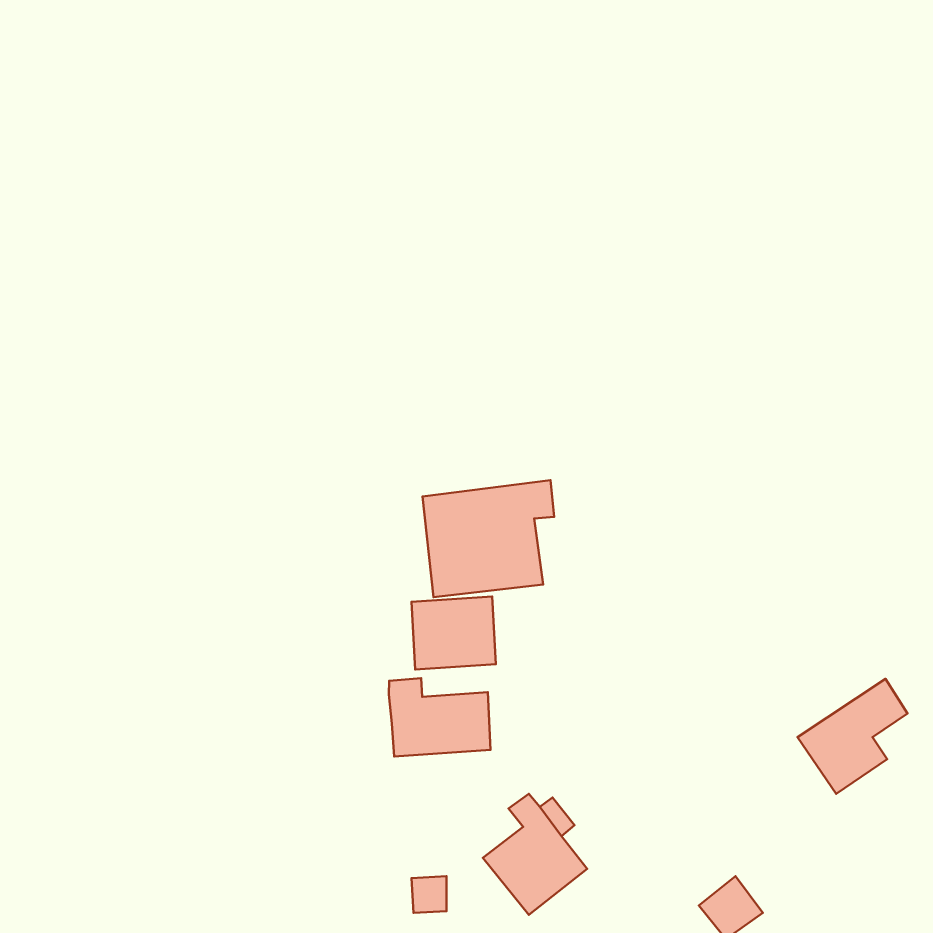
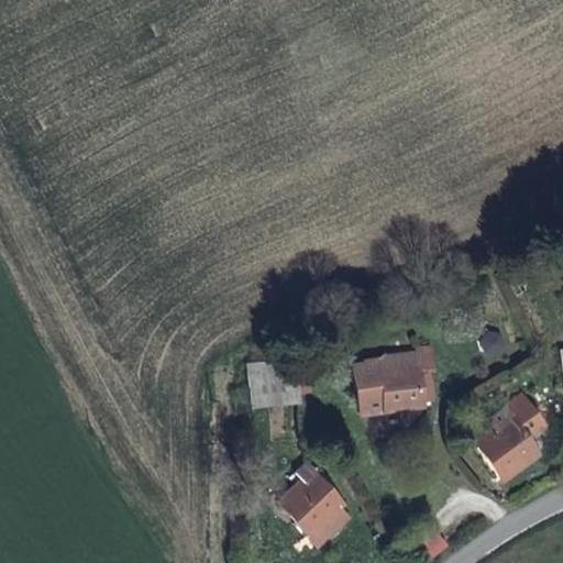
building: [422,480,554,597] -> [352,345,431,416]
building: [389,678,490,757] -> none

